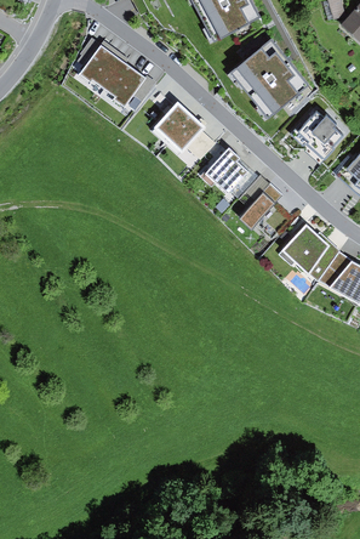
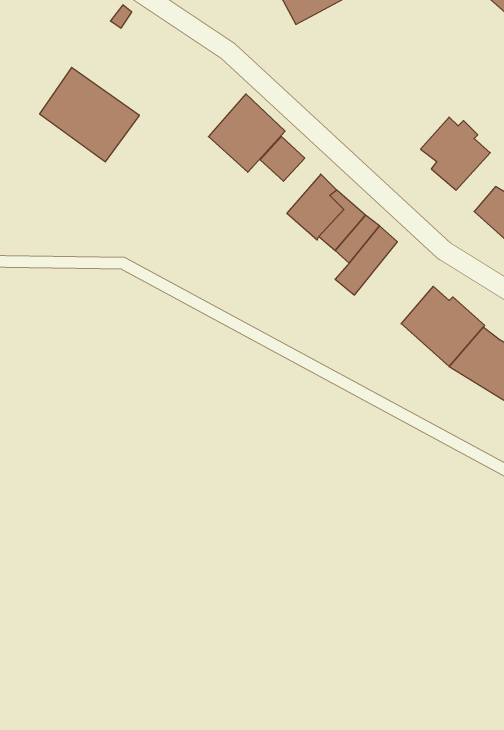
building: [232,42,307,123] -> none
building: [78,46,145,110] -> [40,67,139,162]

